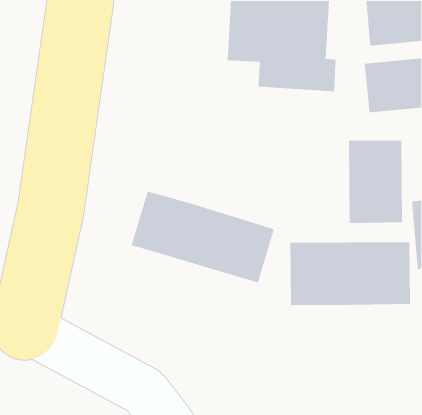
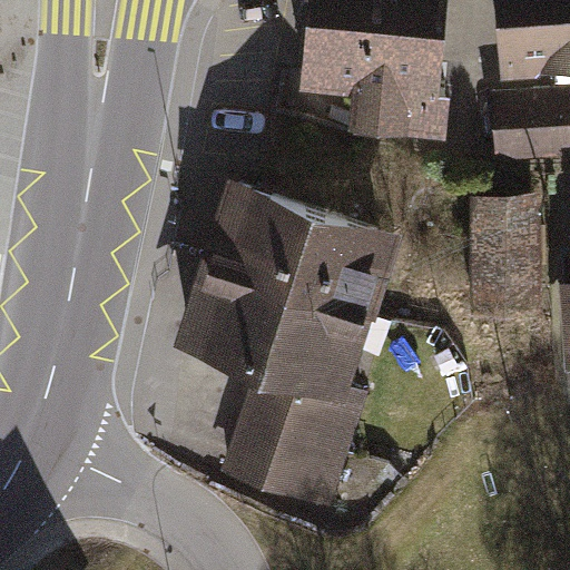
building: none -> [197,178,396,320]
building: [290,241,411,306] -> none
building: none -> [222,366,363,512]

